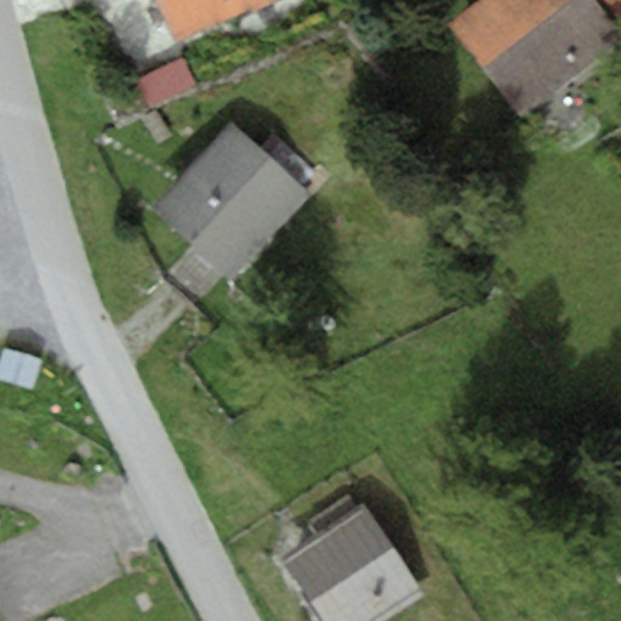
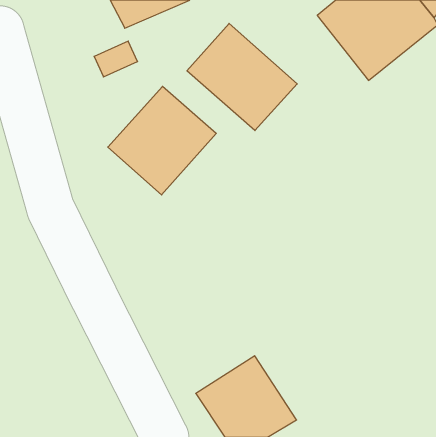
building: none -> [187,23,297,131]

